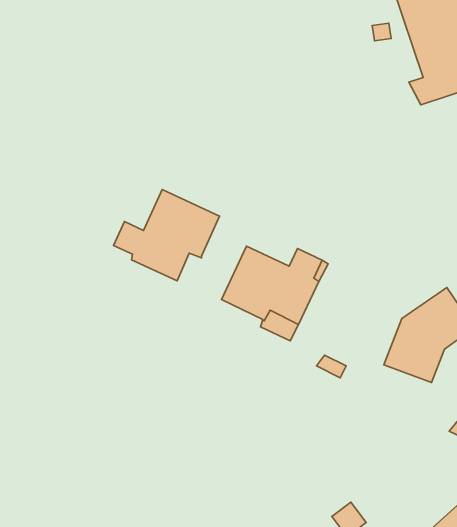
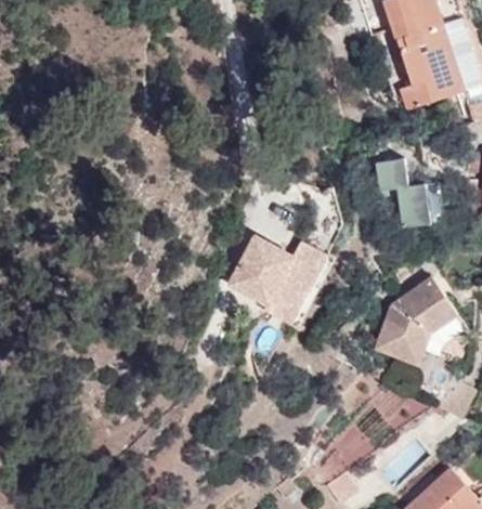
building: none -> [370,153,429,221]
building: [114,190,219,281] -> none

